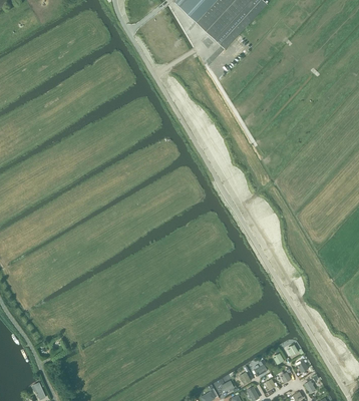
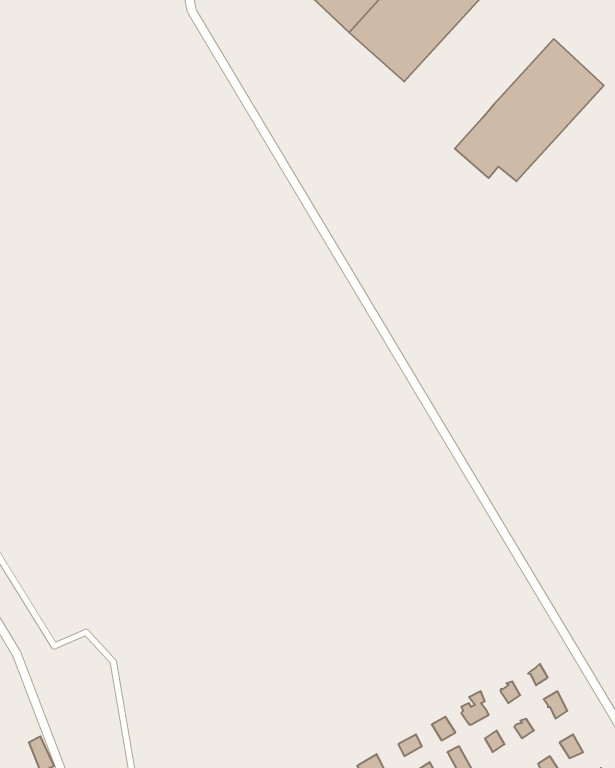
building: none -> [455,39,604,181]

